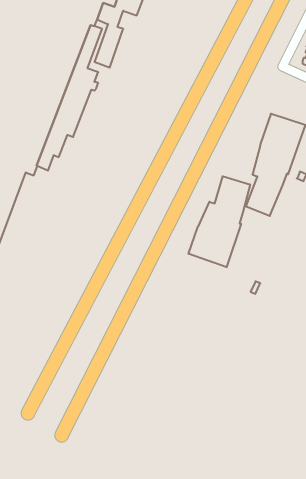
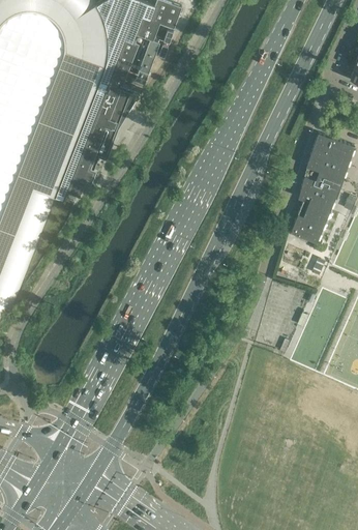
building: [189,176,250,267] -> none

